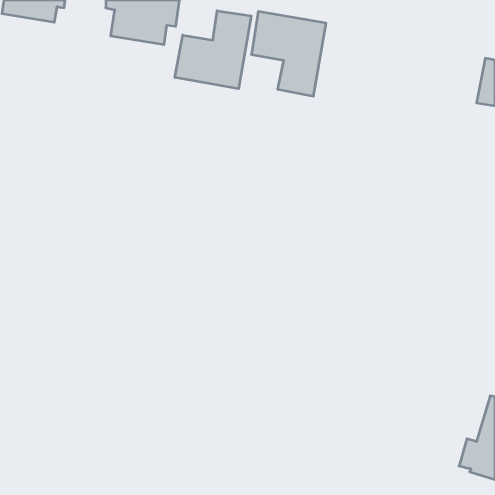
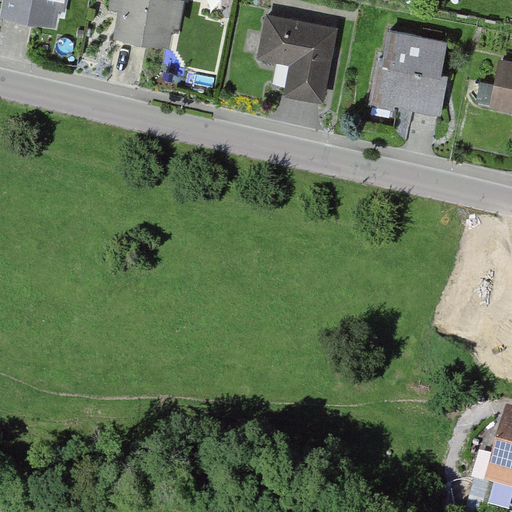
building: [175,11,251,89] -> none
building: none -> [371,31,449,115]

